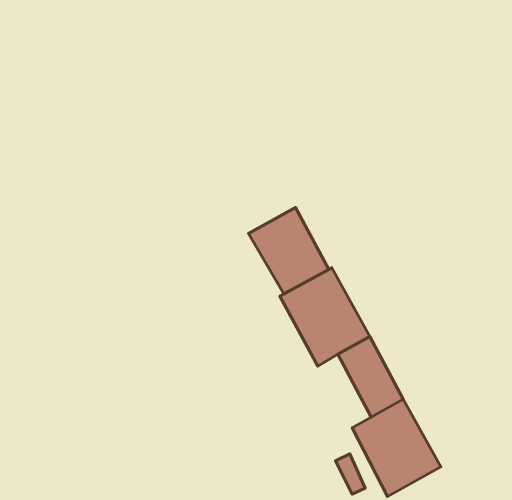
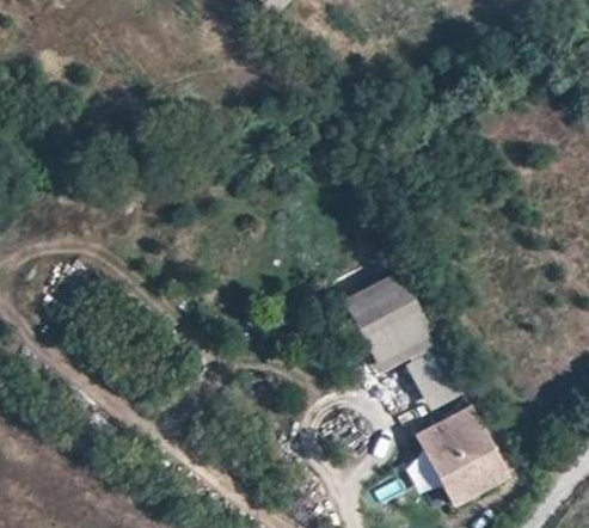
building: [248,208,329,294] -> none

